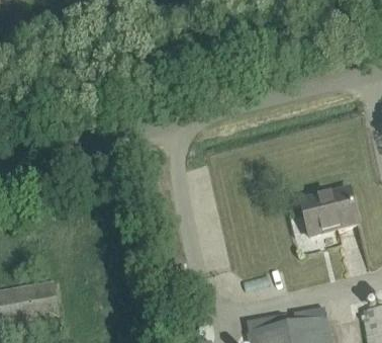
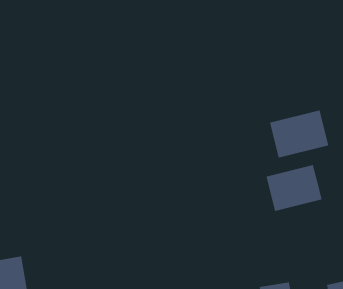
building: none -> [269,109,329,159]

